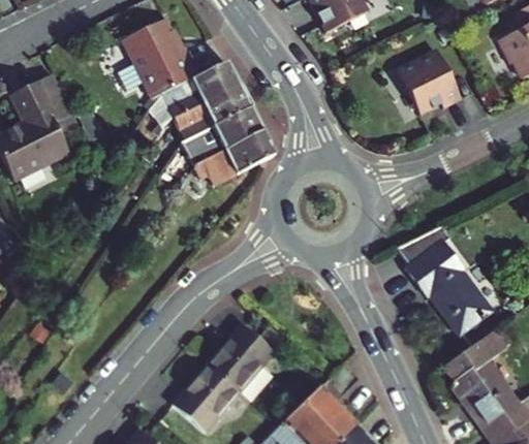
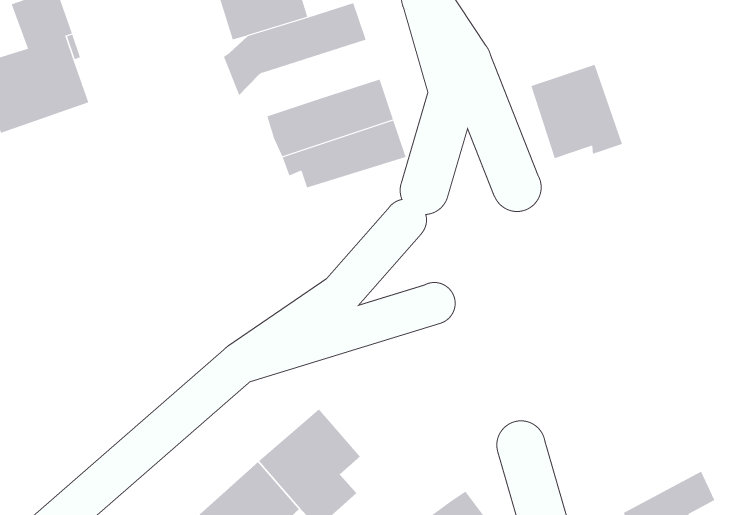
building: [399,51,463,115] -> [531,64,623,159]
building: [175,86,251,132] -> none
building: [396,225,492,334] -> none

